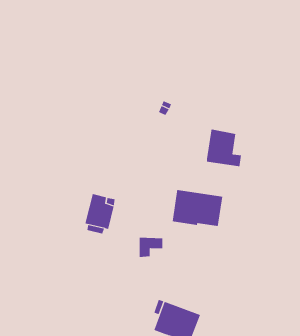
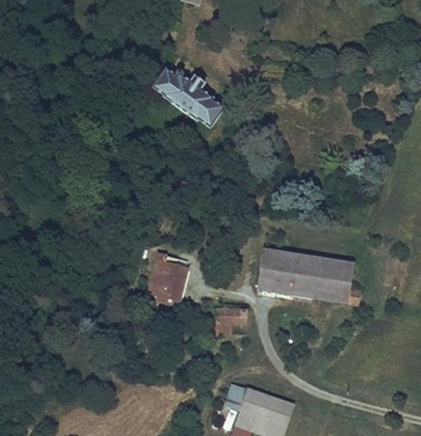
building: none -> [152,68,214,120]
building: [206,129,242,167] -> [316,257,361,304]

